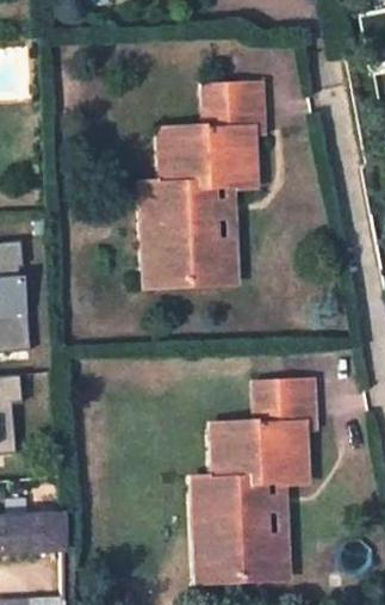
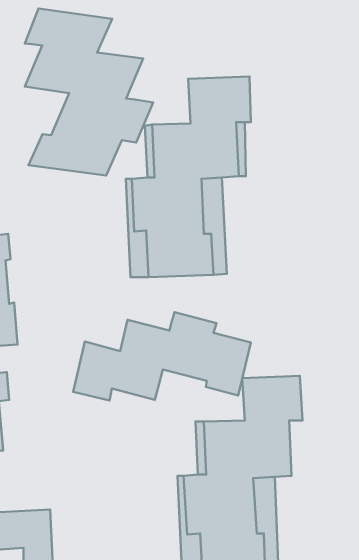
building: none -> [25,9,153,176]
building: none -> [73,312,251,400]

